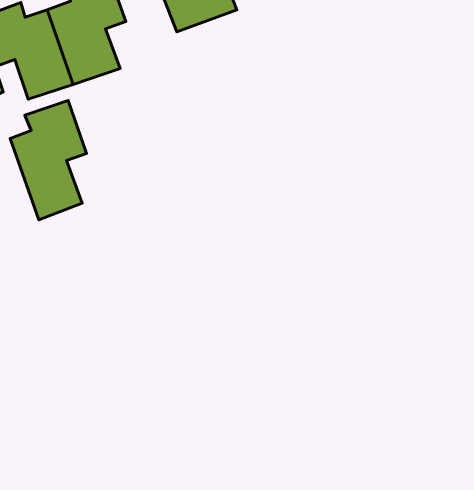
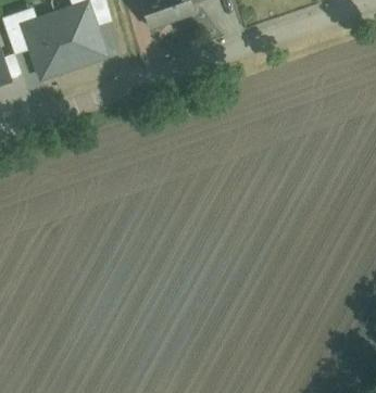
building: [10,100,86,220] -> none

